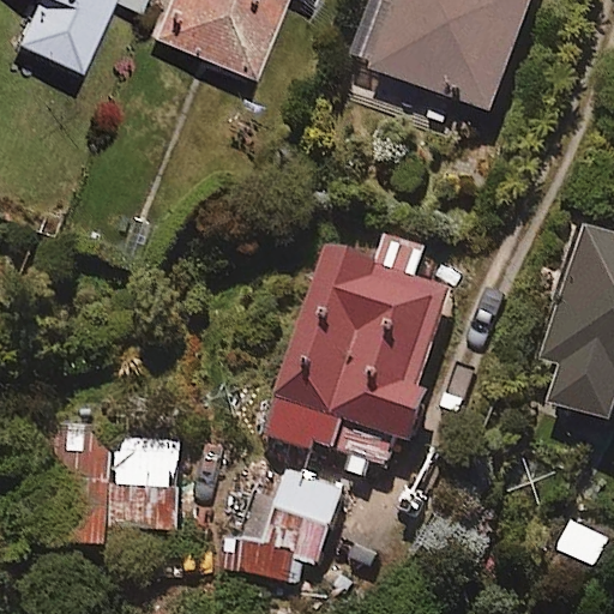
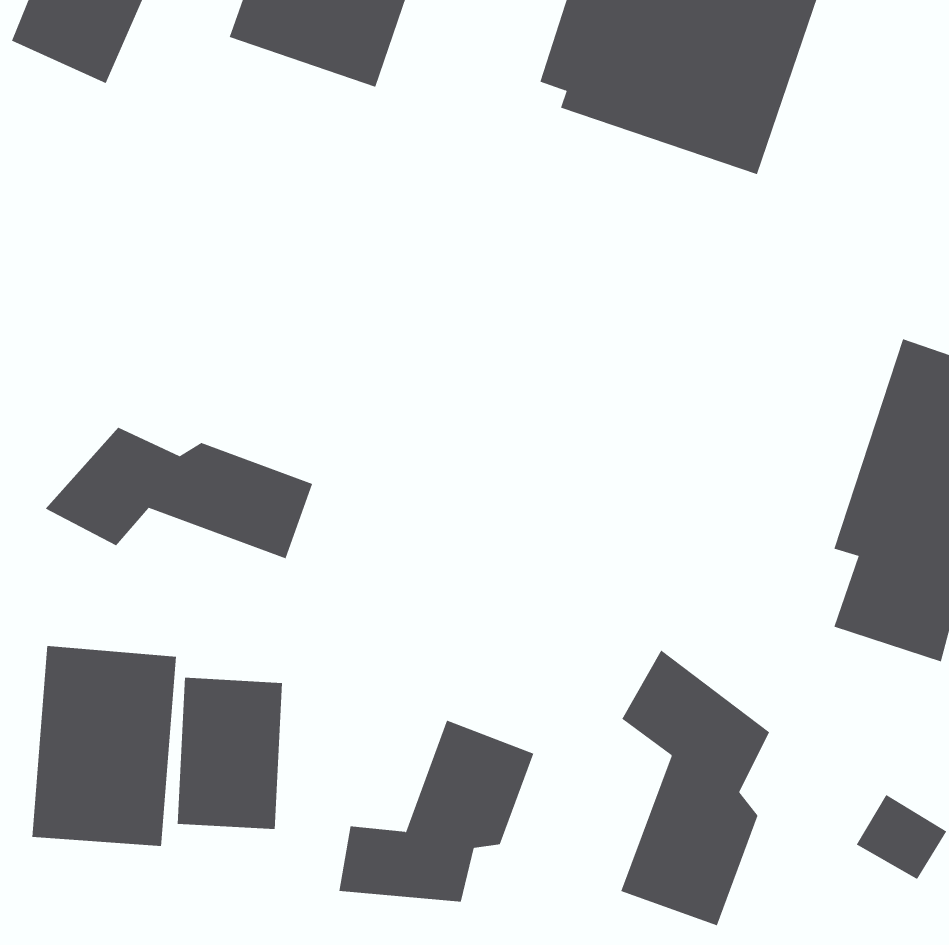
building: [263,224,453,464] -> none
building: none -> [45,427,313,559]
building: none -> [620,650,770,926]

